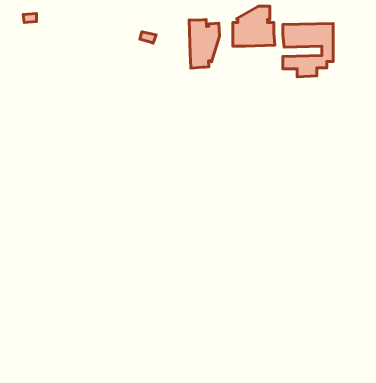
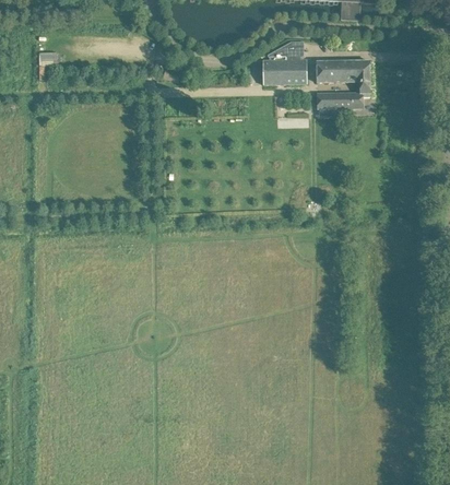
building: [189,19,220,68] -> none

